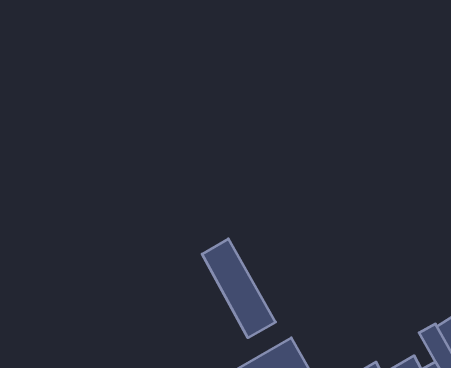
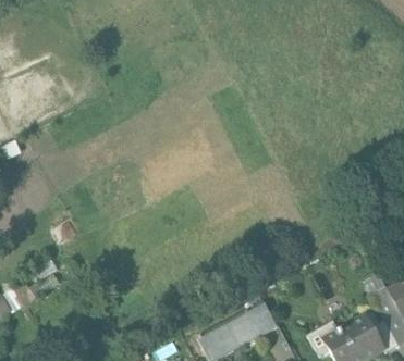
building: [202,239,276,338] -> none

